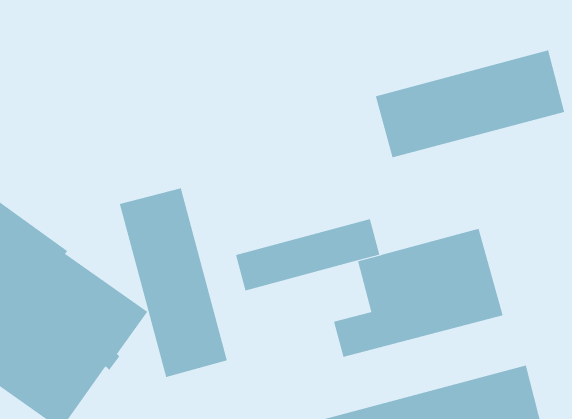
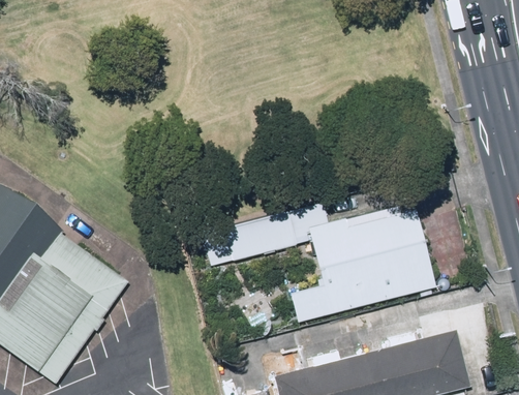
building: [375,50,565,158] -> none
building: [119,187,227,378] -> none

